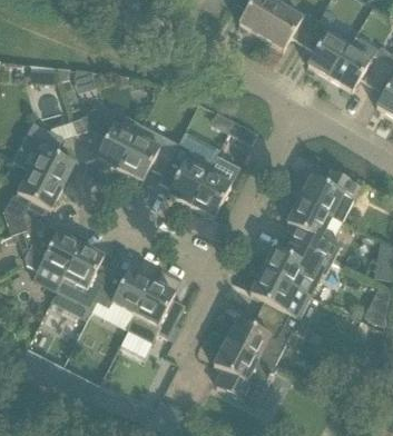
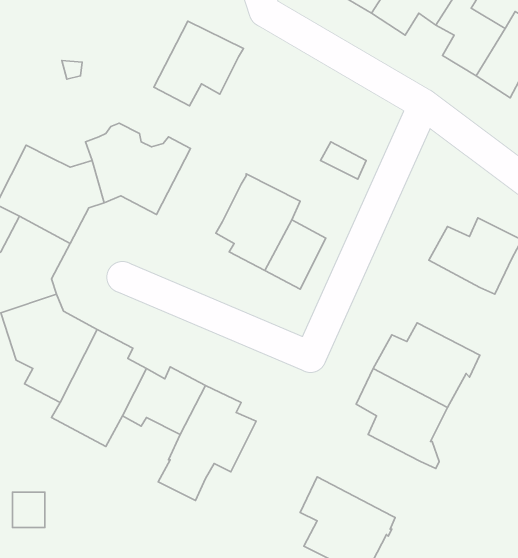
building: [119,123,178,179] -> [154,21,244,106]
building: [286,197,340,259] -> none
building: [225,311,293,365] -> none

